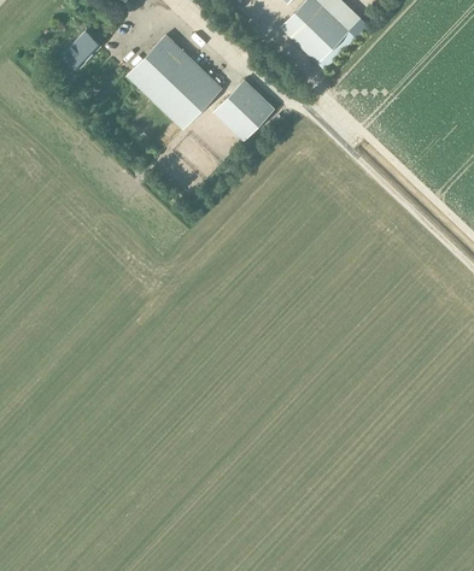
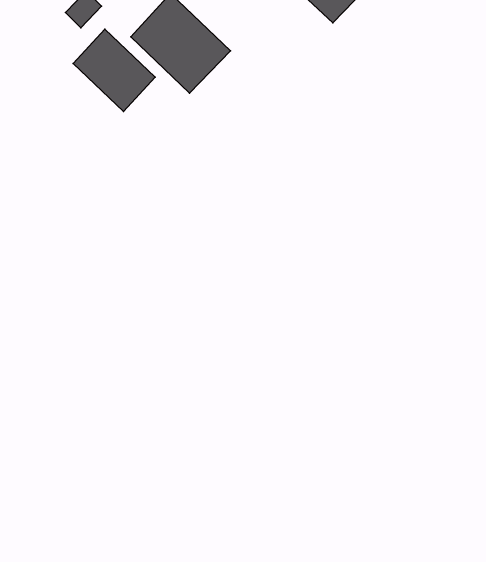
building: none -> [73,29,155,111]
building: [215,80,274,140] -> none

